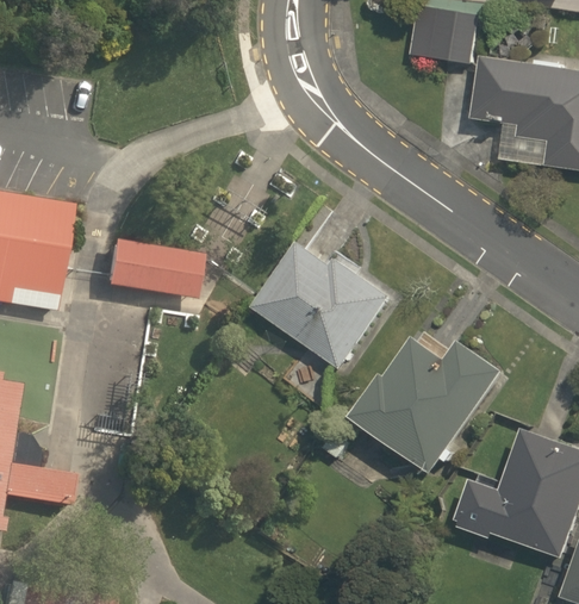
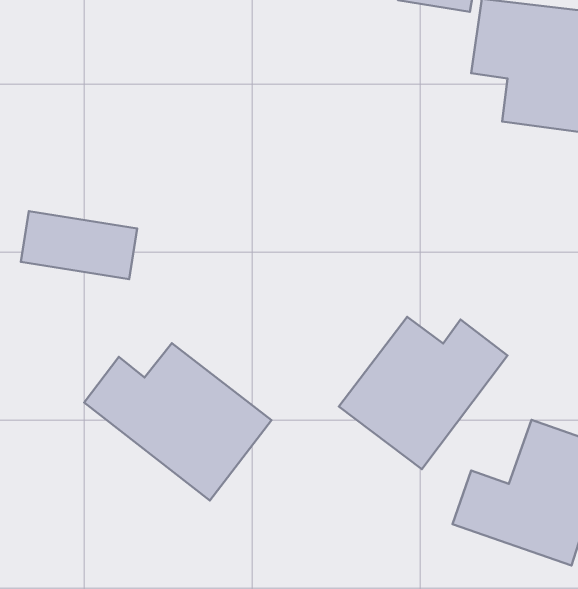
building: [255,235,391,367] -> none
building: none -> [84,343,272,500]

